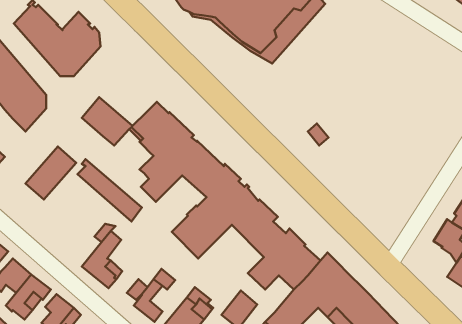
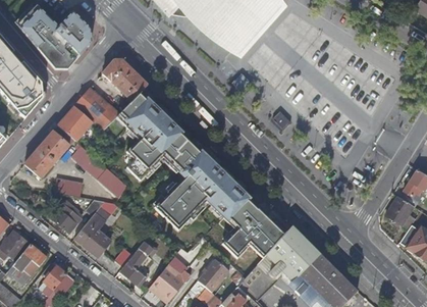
building: none -> [103,60,147,101]
building: none -> [57,106,93,142]
building: none -> [53,178,82,197]
building: none -> [51,204,81,233]

